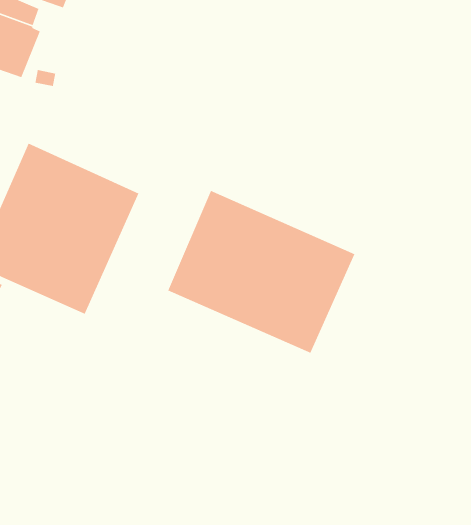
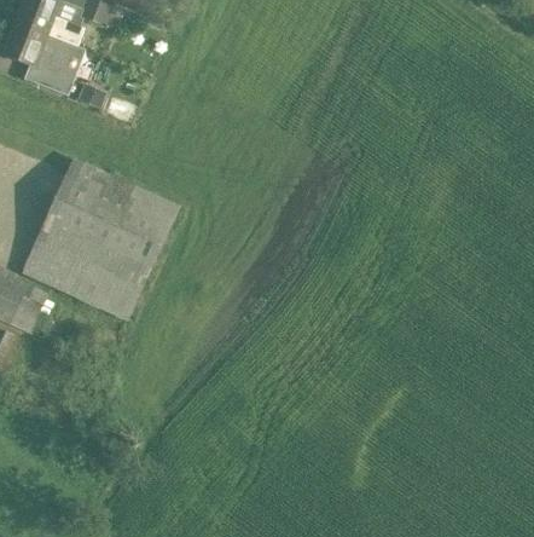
building: [167,190,355,354] -> none

